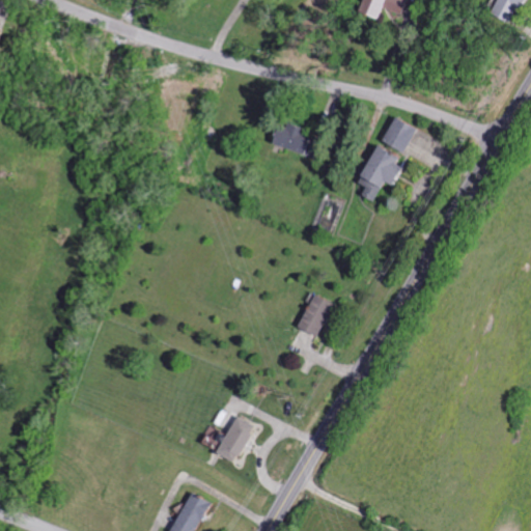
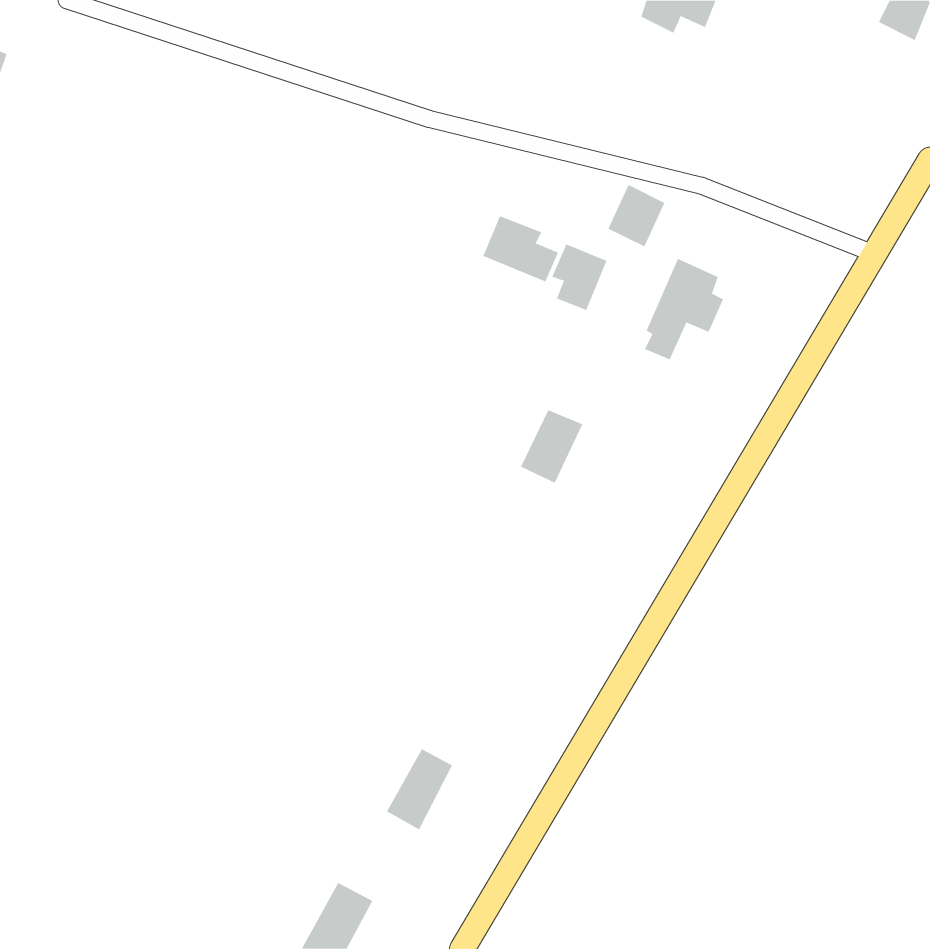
building: [382,116,414,151] -> [608,184,665,247]
building: none -> [551,243,607,311]
building: [297,295,332,336] -> [520,409,583,484]

